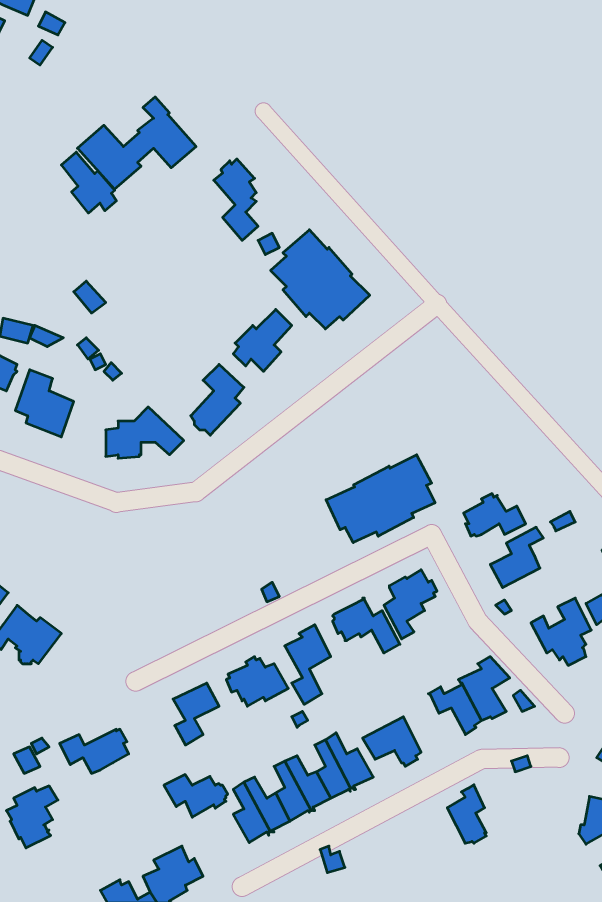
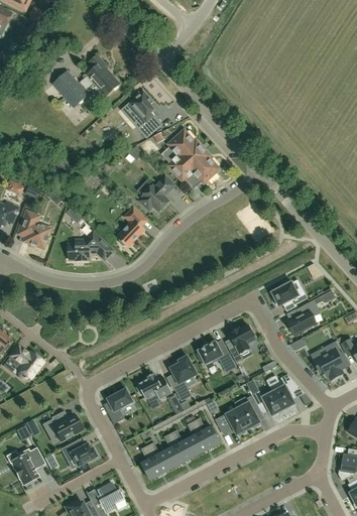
building: [61,152,116,213] -> none
building: [326,455,435,543] -> none
building: [164,775,228,817] -> [61,442,97,467]
building: [447,785,486,843] -> [238,395,260,428]

